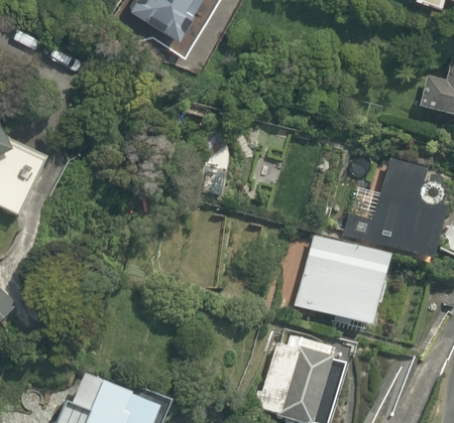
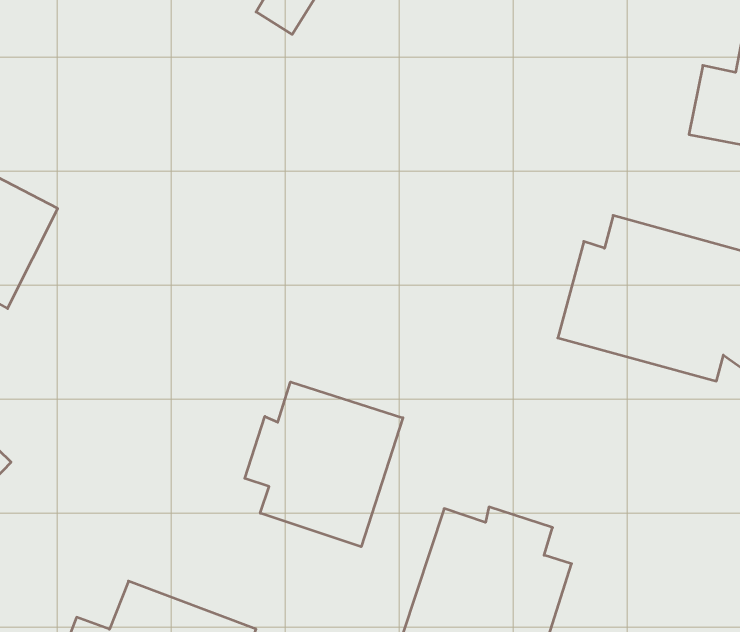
building: [290,234,394,330] -> none
building: none -> [245,382,403,547]

